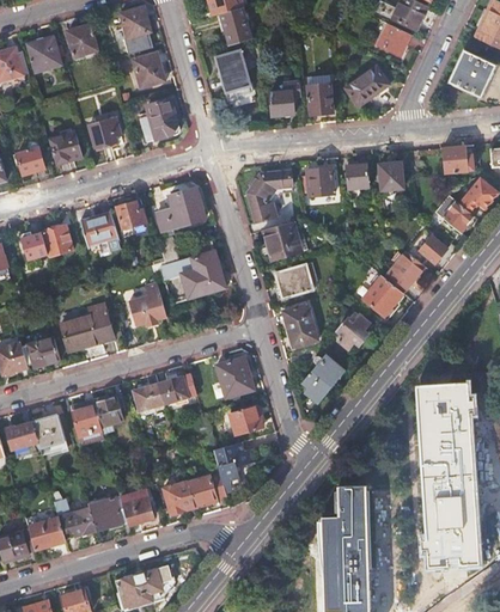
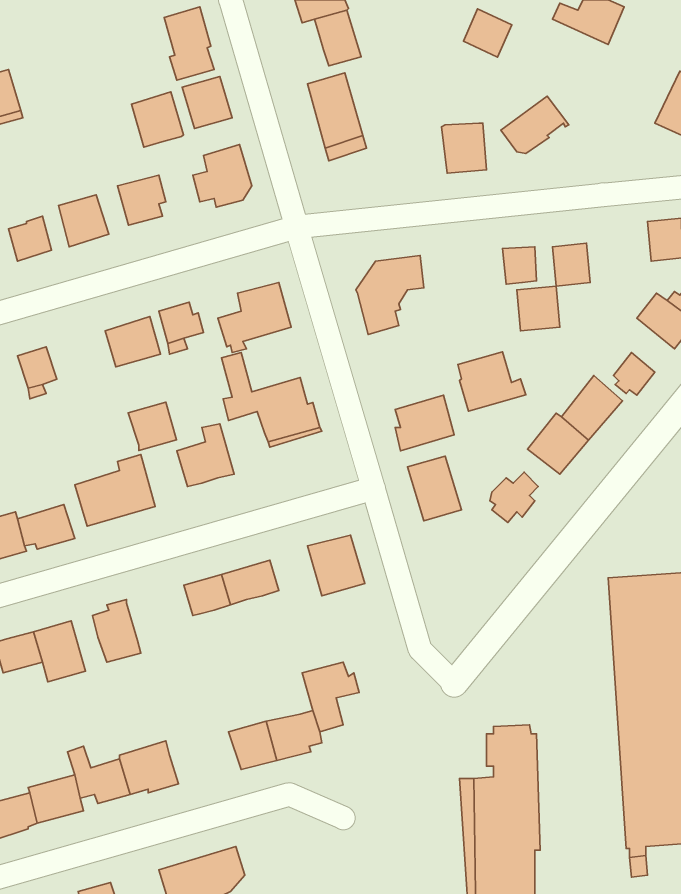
building: [63,22,98,59] -> [131,92,183,147]
building: [378,23,410,55] -> [463,9,512,57]
building: [26,35,61,73] -> none
building: [269,80,300,114] -> none
building: [306,167,335,197] -> [517,286,560,331]
building: [262,222,307,262] -> [458,352,526,411]
building: [41,225,73,257] -> [128,402,177,451]
building: [304,356,344,403] -> none
building: [94,397,123,428] -> none
building: [228,405,263,435] -> none
building: [123,497,153,525] -> none

